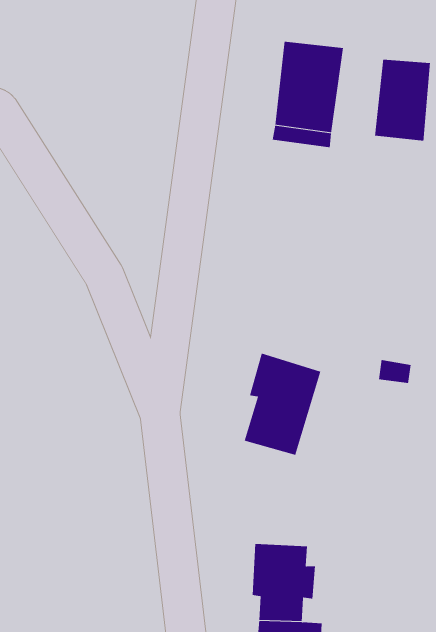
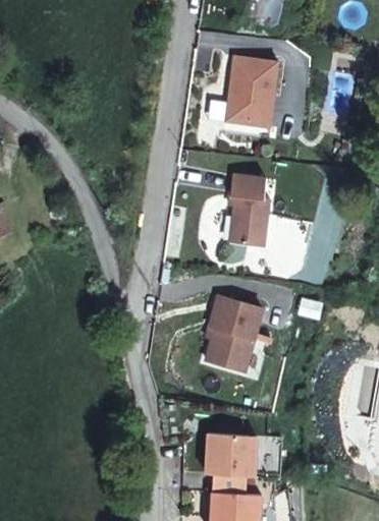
building: [374,59,430,142] -> none
building: none -> [228,171,268,242]

